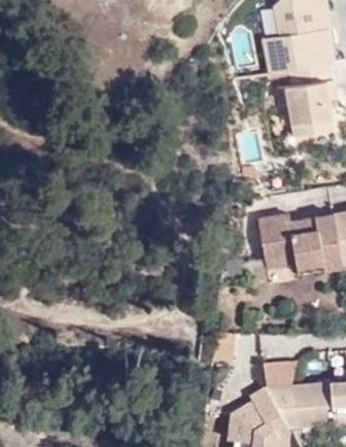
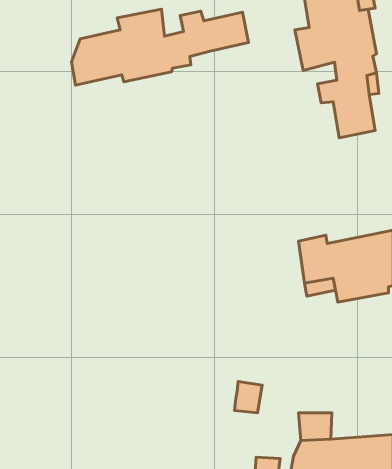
building: none -> [71,9,249,85]

